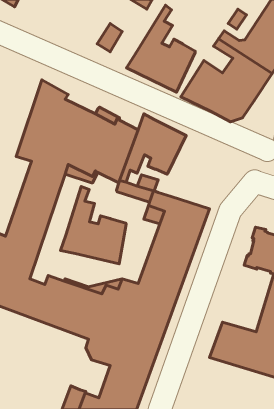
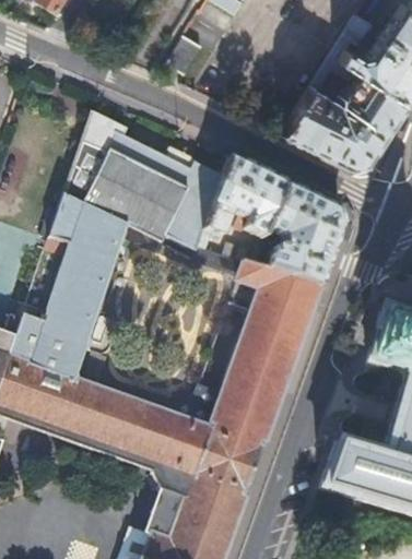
building: [126,5,195,92] -> none
building: none -> [263,186,343,285]
building: [61,186,126,264] -> none
building: none -> [144,490,185,542]

